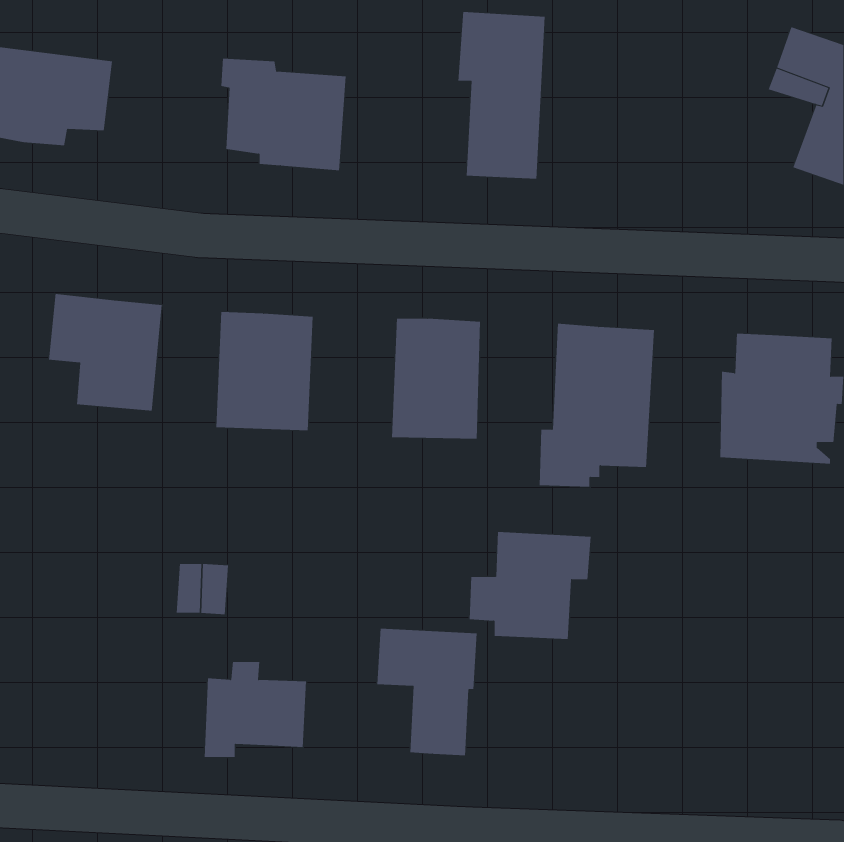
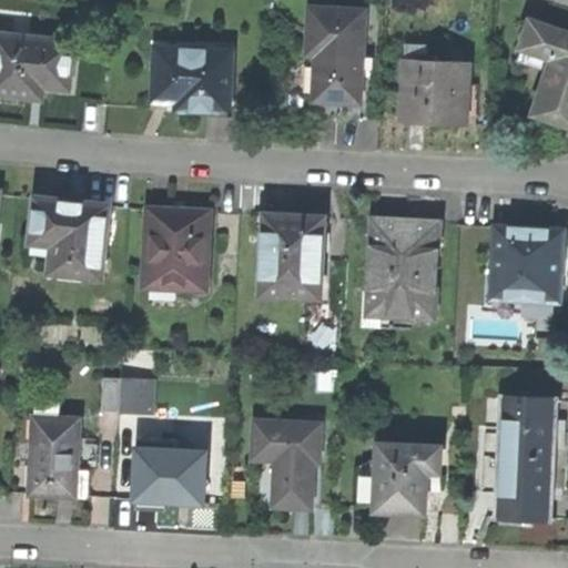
building: none -> [400,59,476,126]
building: [469,532,592,639] -> [359,439,442,511]
building: none -> [497,395,555,515]
building: none -> [30,416,88,495]

